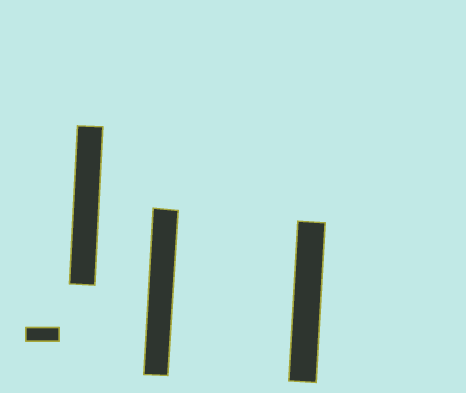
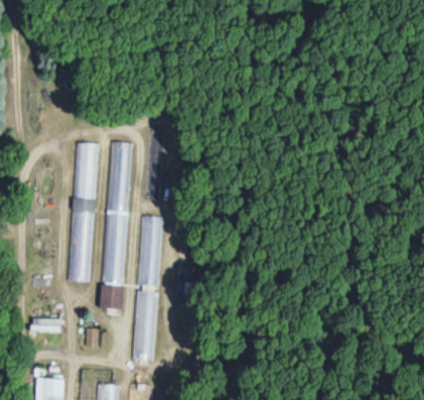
building: none -> [102,141,131,309]
building: [289,221,325,383] -> none

